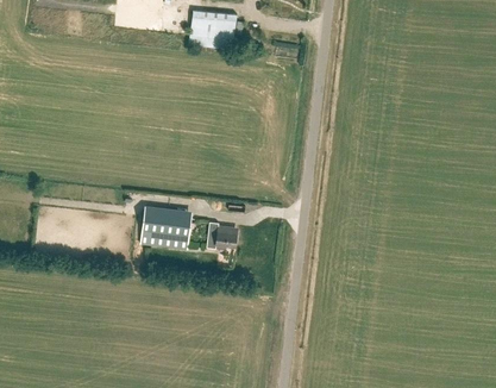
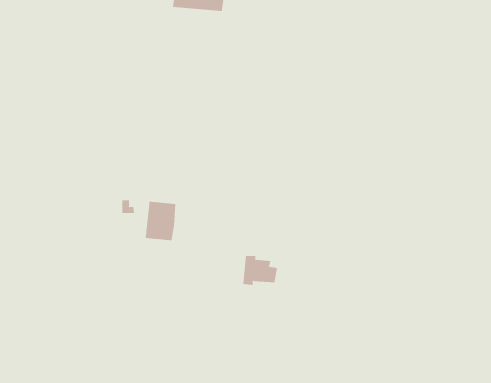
building: [206,220,237,246] -> [242,255,278,286]

